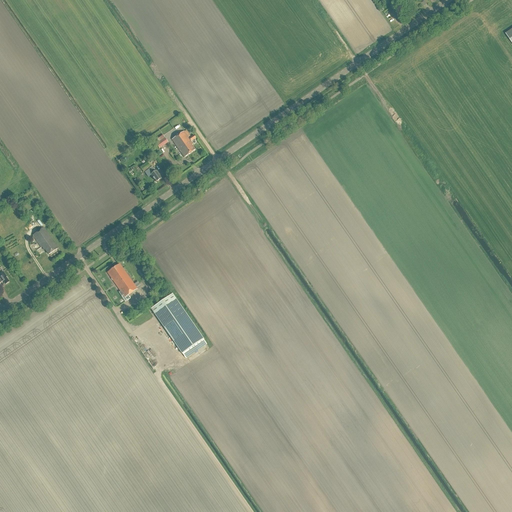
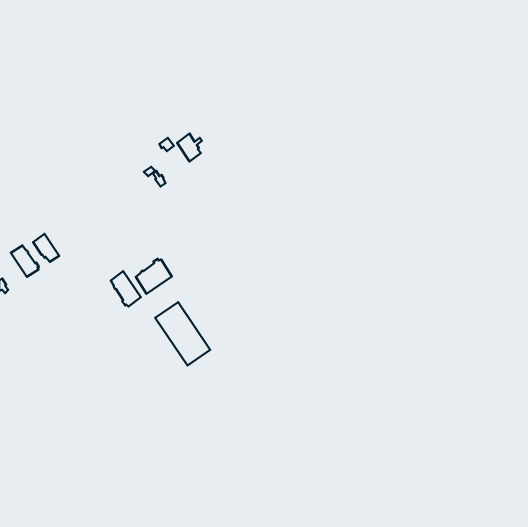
building: none -> [11,246,39,277]
building: none -> [136,259,172,294]

